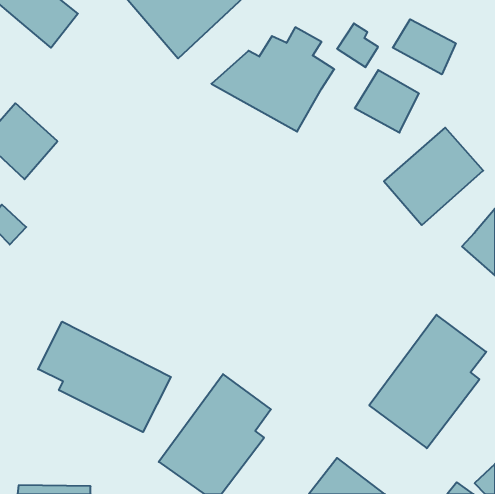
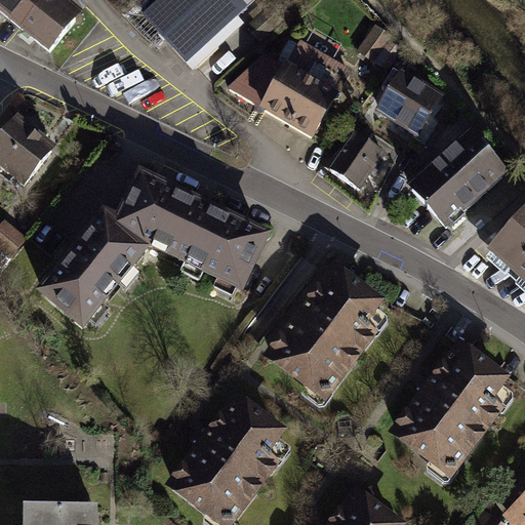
building: [393,19,456,74] -> none
building: none -> [321,130,382,190]
building: none -> [40,170,271,326]
building: none -> [265,259,383,397]
building: [38,322,171,432] -> none

